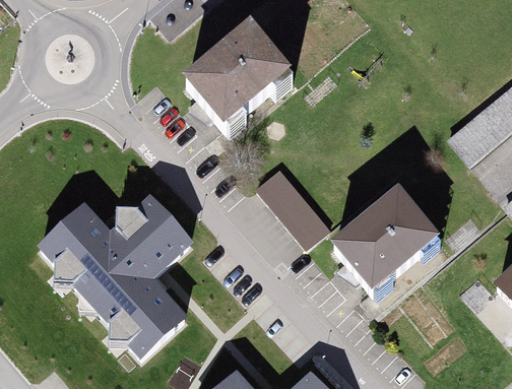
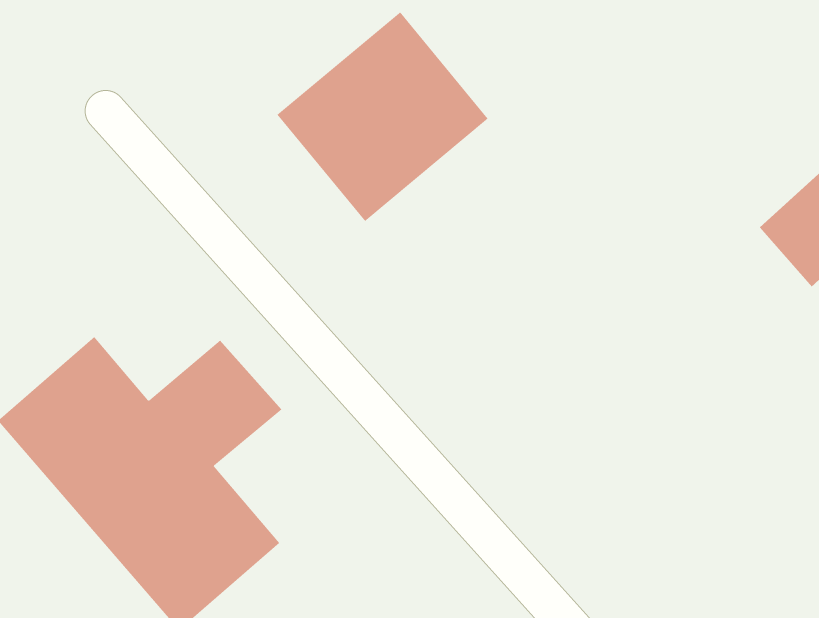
building: [254,163,328,246] -> none
building: [335,196,436,293] -> none

